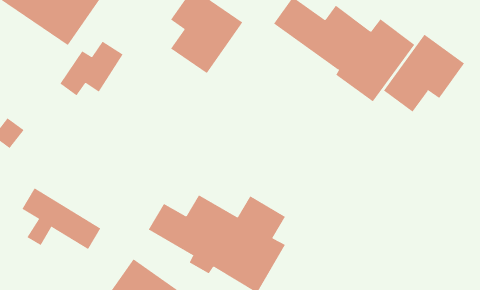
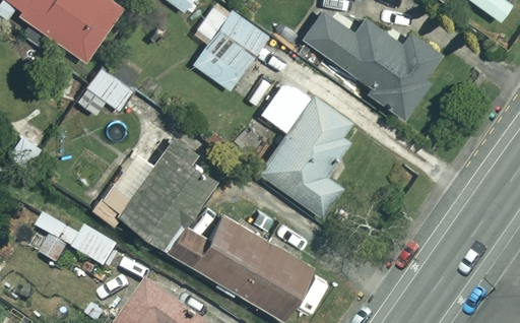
building: [383,34,465,113] -> none
building: none -> [257,78,355,216]
building: none -> [91,137,215,245]

